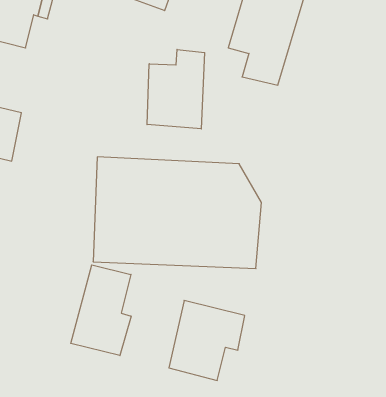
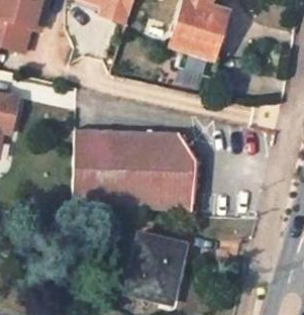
building: [147,49,205,129] -> none
building: [71,265,131,356] -> none

